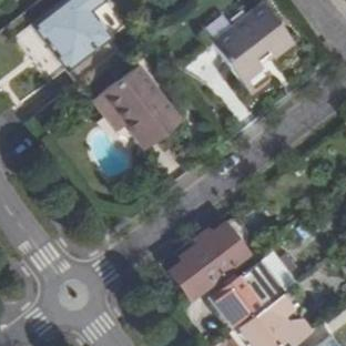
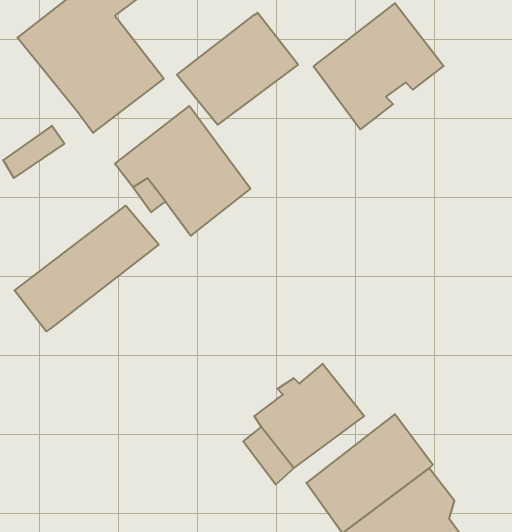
building: none -> [177,13,298,125]
building: none -> [14,206,159,331]

